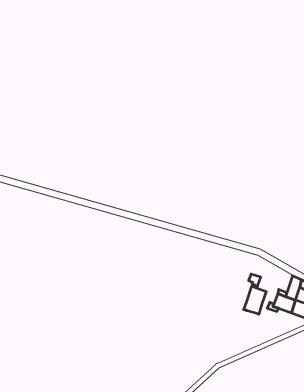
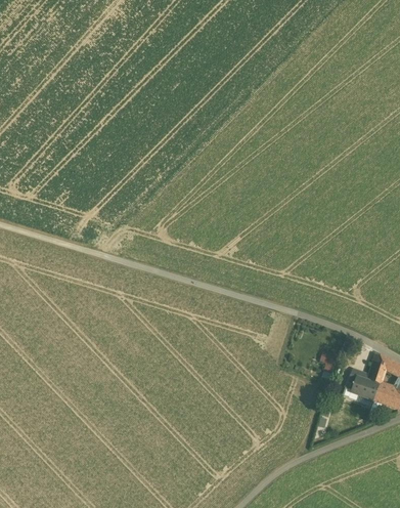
building: [244,286,266,314] -> none

